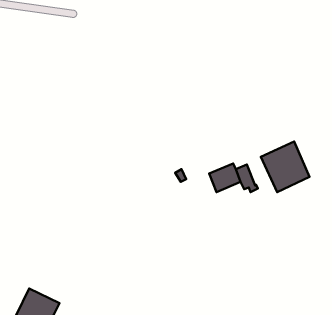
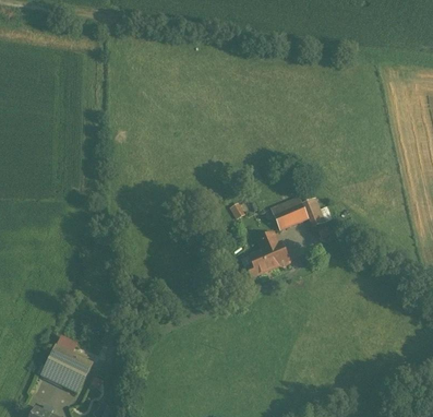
building: [261,142,309,192] -> none
building: none -> [248,233,290,276]

